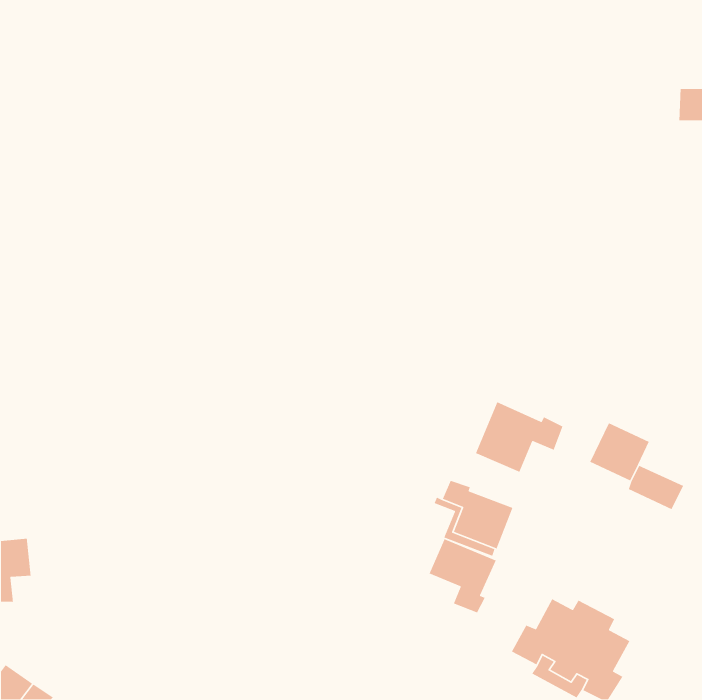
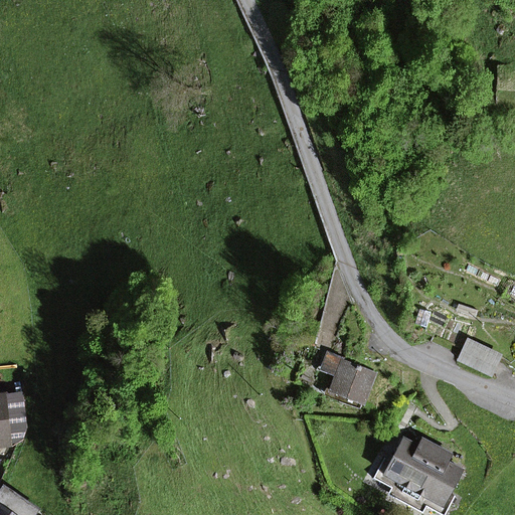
building: [474,401,564,473] -> none
building: [429,538,497,614] -> none

